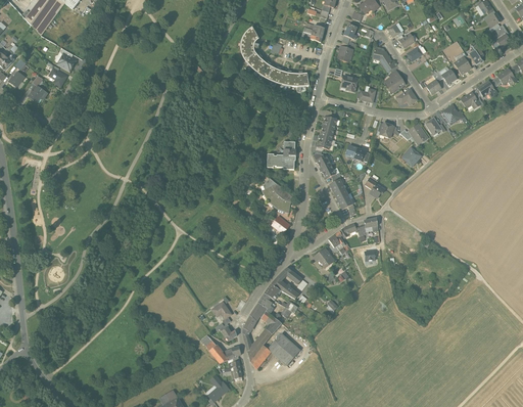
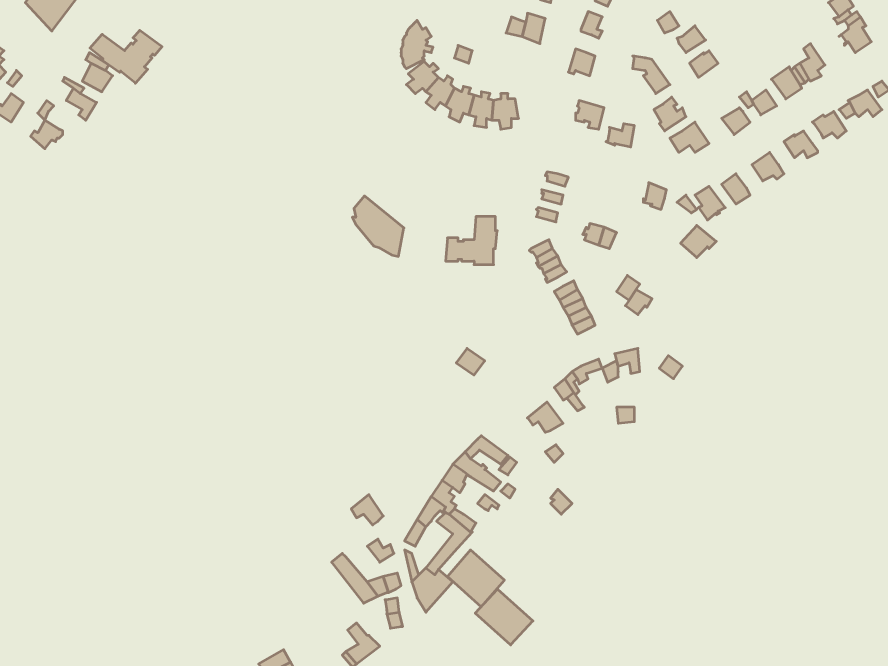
building: none -> [90,30,162,83]
building: [263,177,292,212] -> [352,196,404,256]
building: none -> [475,589,533,645]

